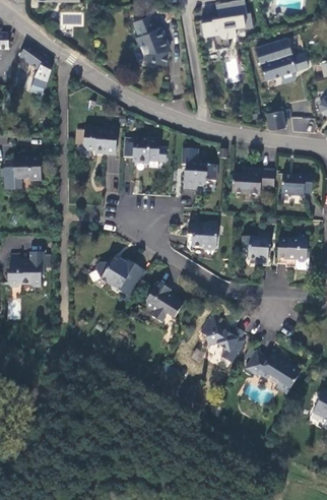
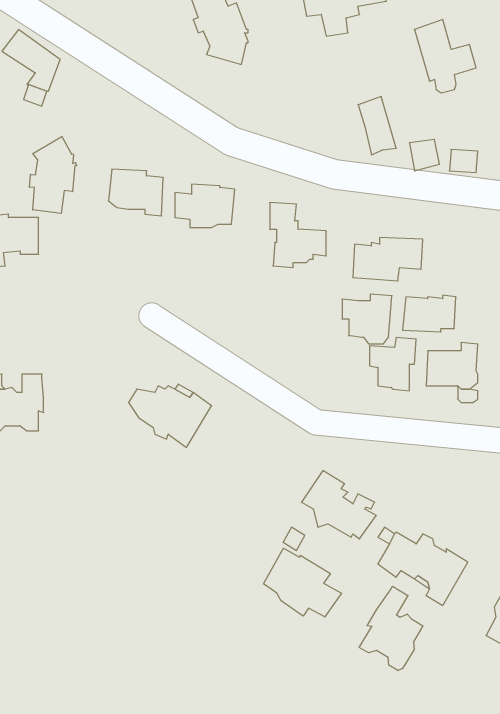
building: [255,43,278,78] -> [358,96,396,155]
building: none -> [29,136,76,213]
building: [280,173,313,195] -> [403,295,456,332]
building: [188,222,218,252] -> [342,294,392,344]
building: [146,283,184,322] -> none
building: none -> [263,548,342,617]
building: none -> [359,586,423,671]

